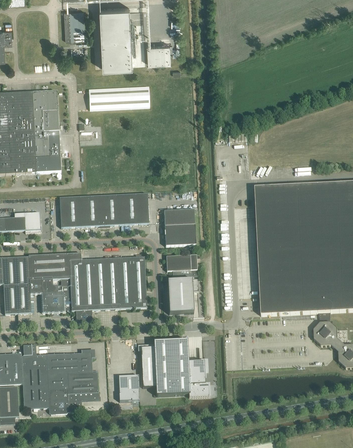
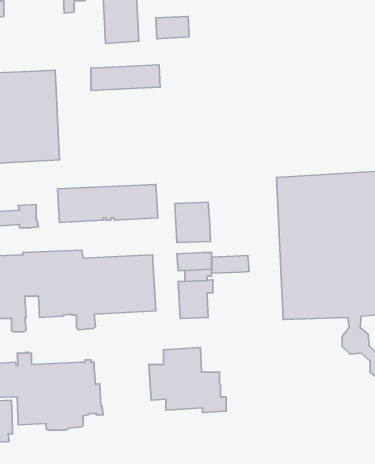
building: none -> [212,256,249,273]
building: [119,374,140,401] -> none

